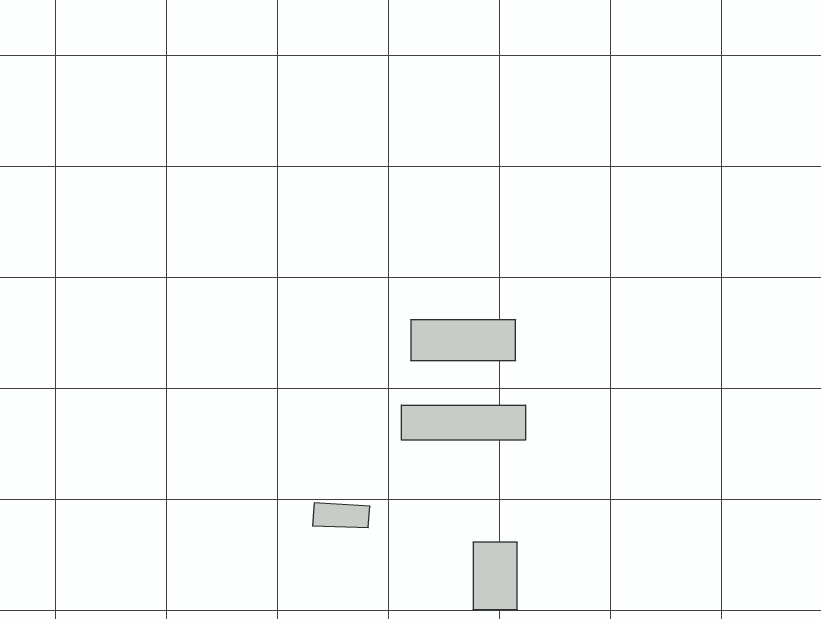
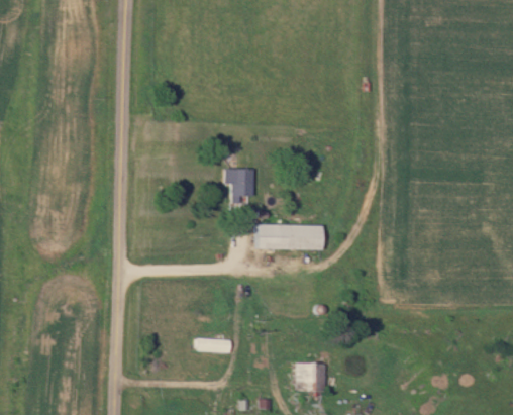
building: none -> [231,168,253,195]
building: [401,405,525,440] -> none

